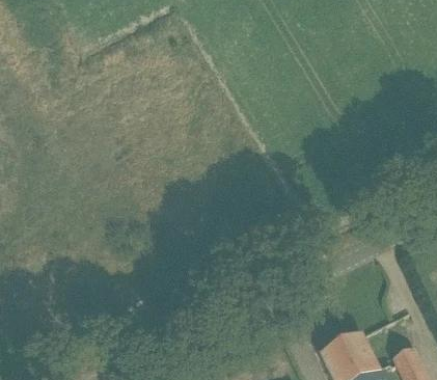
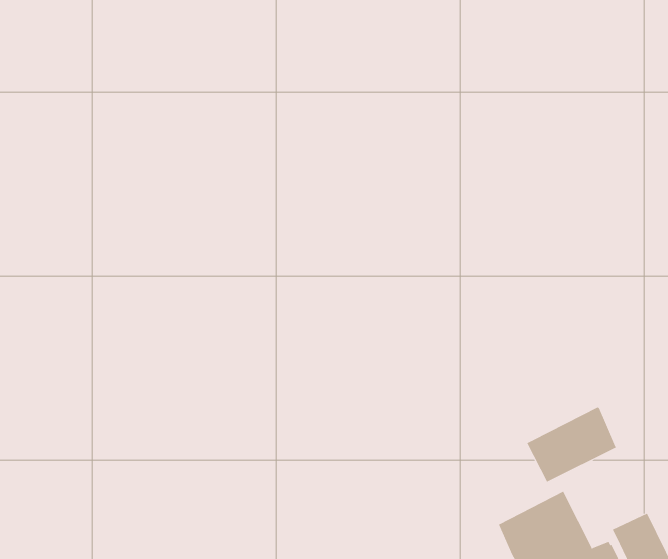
building: none -> [527,406,617,482]

